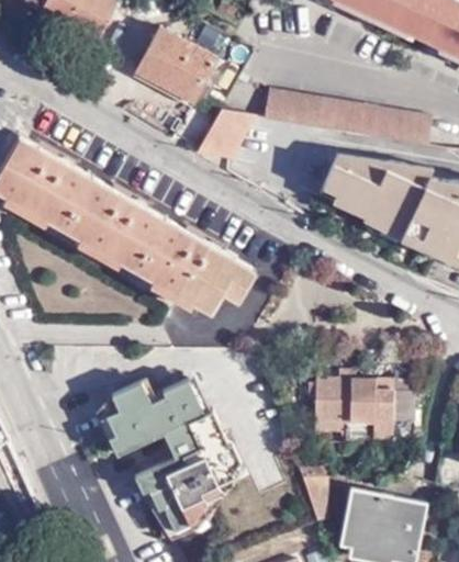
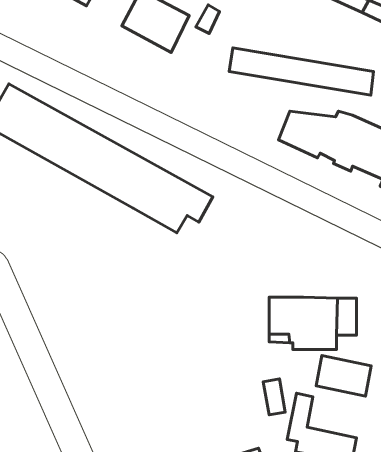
building: [198,112,255,160] -> none
building: [96,380,229,535] -> none
building: [356,495,419,542] -> [316,355,371,396]

